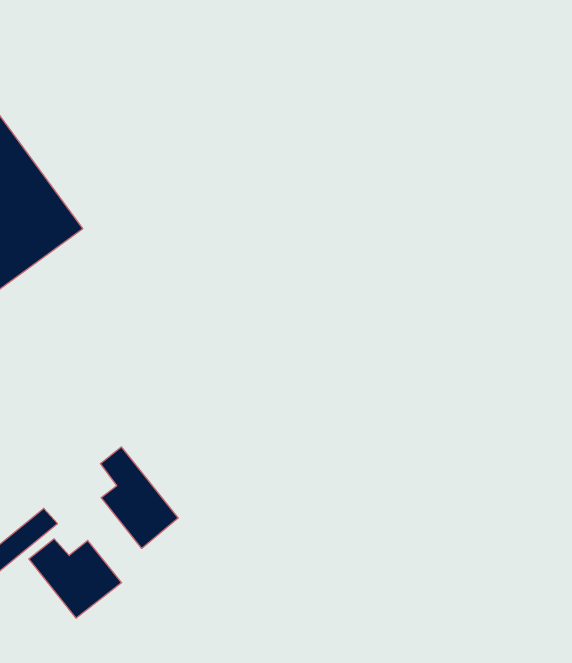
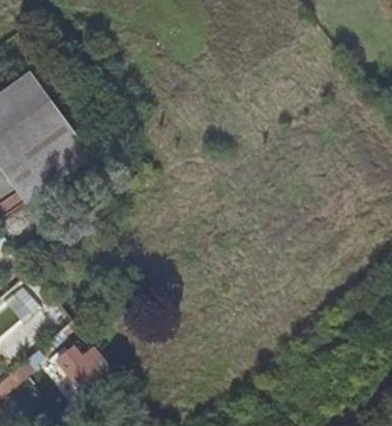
building: [100,447,178,548] -> none

